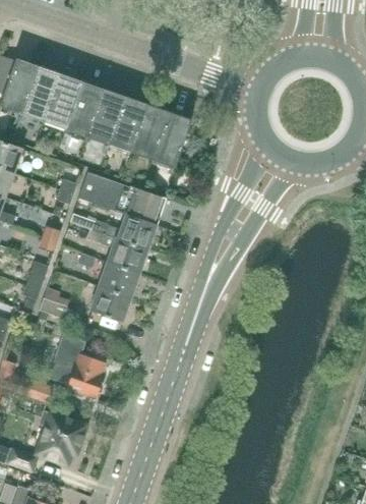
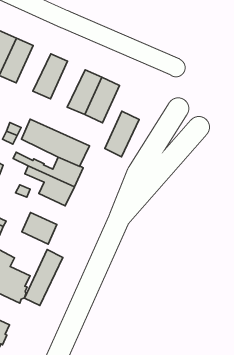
building: [65,80,104,136] -> none
building: [109,96,147,152] -> [105,111,139,157]
building: [98,261,139,296] -> none
building: none -> [25,249,63,305]

